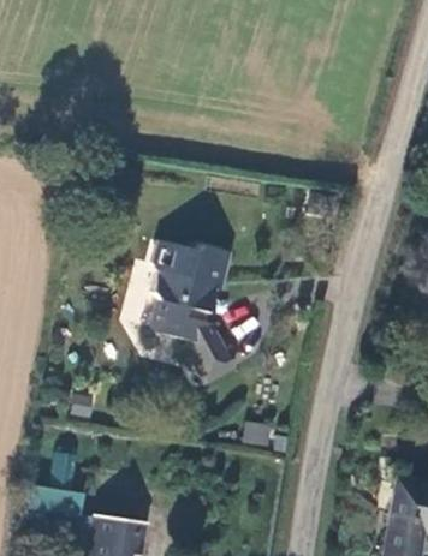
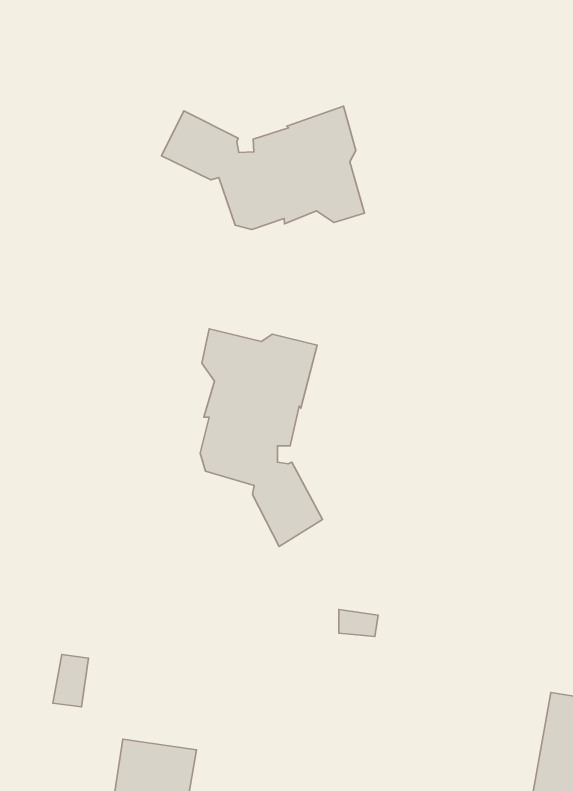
building: none -> [162,106,365,230]

